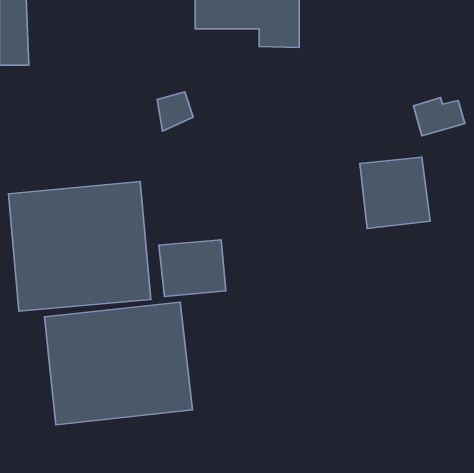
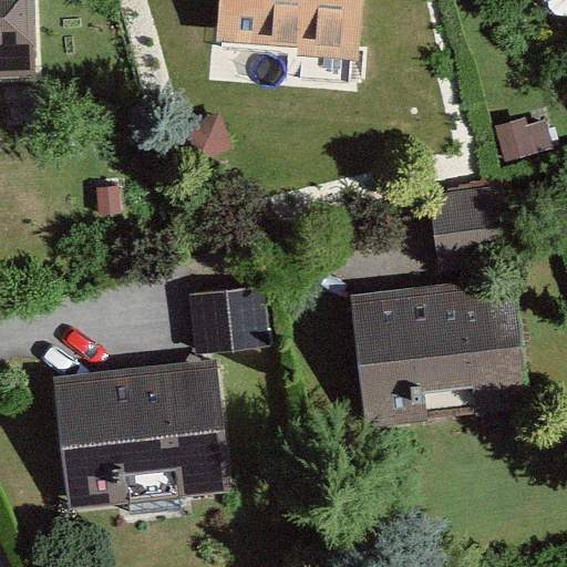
building: [8,181,151,311] -> none
building: none -> [349,279,528,426]

